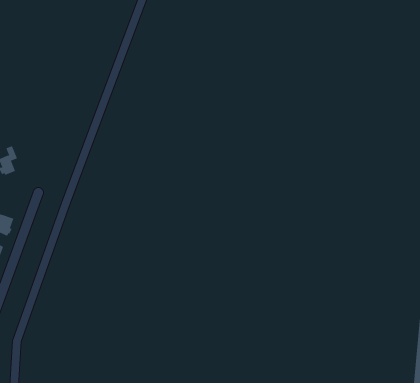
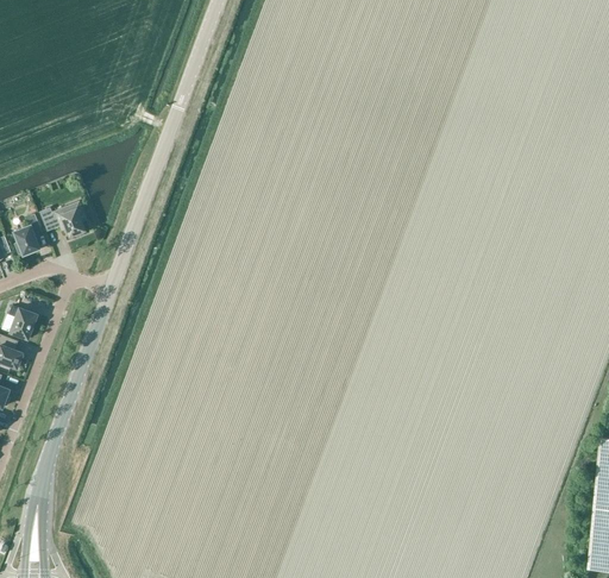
building: none -> [42,200,88,237]

